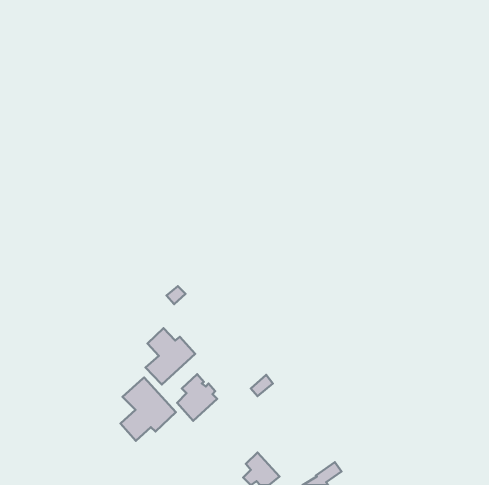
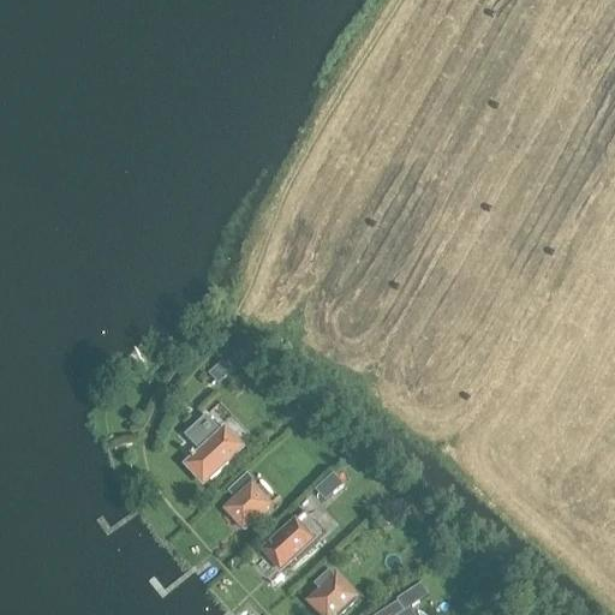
building: [120,378,176,441] -> none
building: none -> [261,515,315,568]

